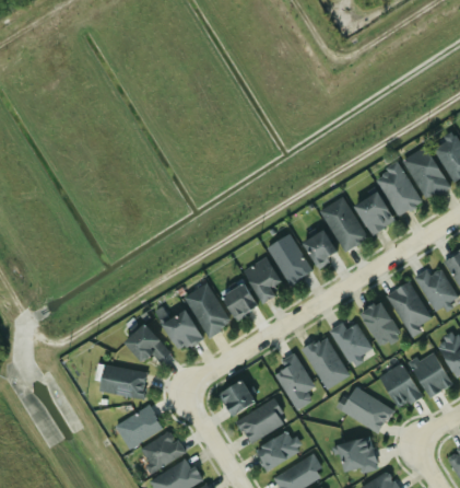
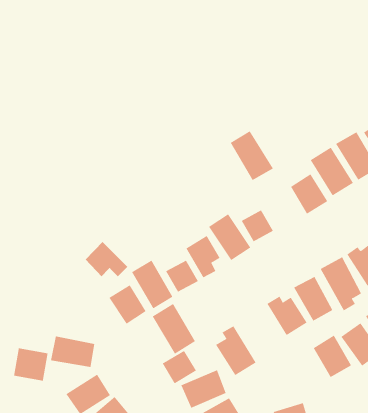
building: [320,197,367,251] -> [230,131,274,181]
building: [123,324,169,362] -> [85,241,128,277]
building: [302,335,349,390] -> [152,303,196,354]
building: none -> [14,347,48,381]
building: [338,384,391,433] -> none

